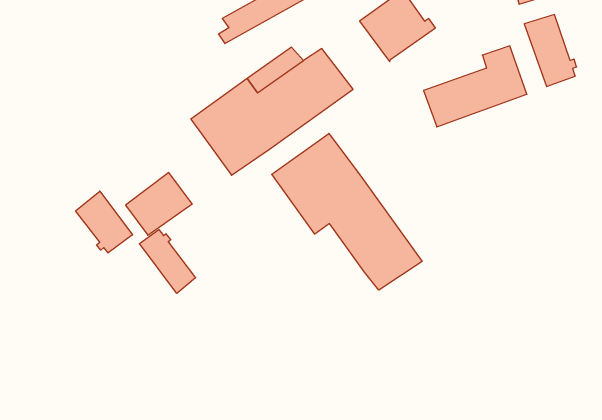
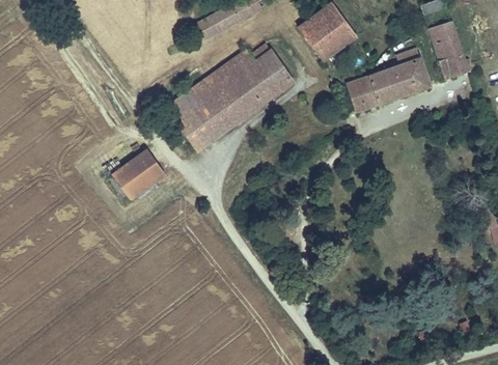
building: [272,133,422,290] -> none
building: [76,191,133,253] -> none
building: [139,230,196,293] -> none

